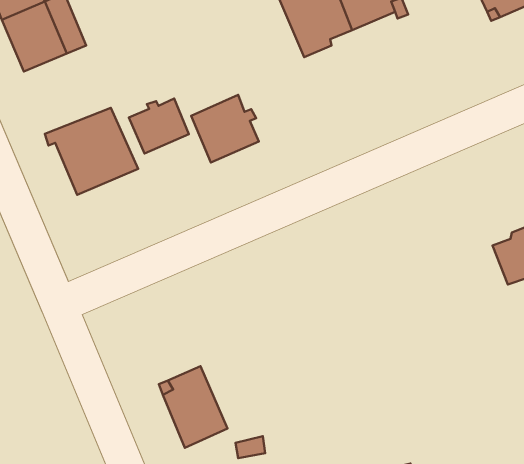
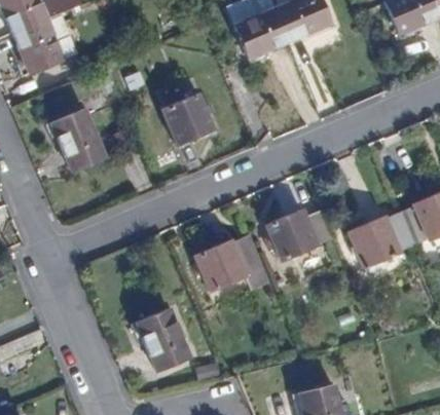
building: [129,99,189,154] -> none
building: none -> [265,209,333,261]
building: none -> [349,212,412,268]
building: none -> [194,235,267,291]

